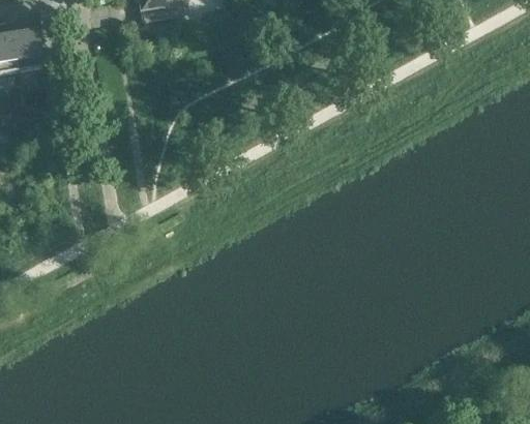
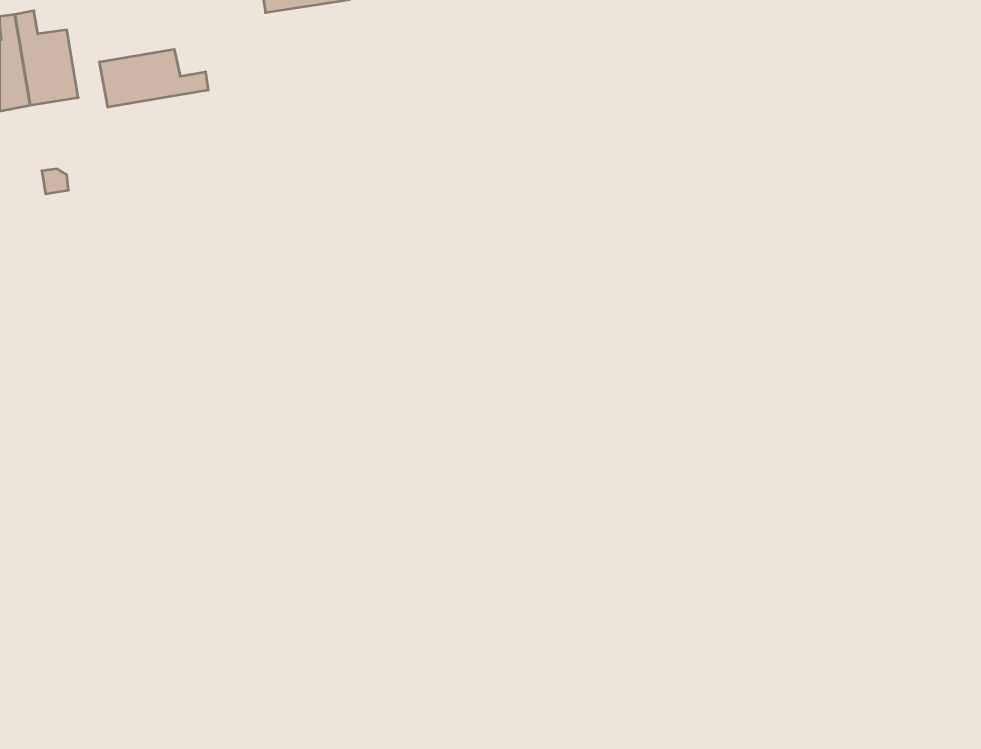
building: none -> [100,49,208,107]

